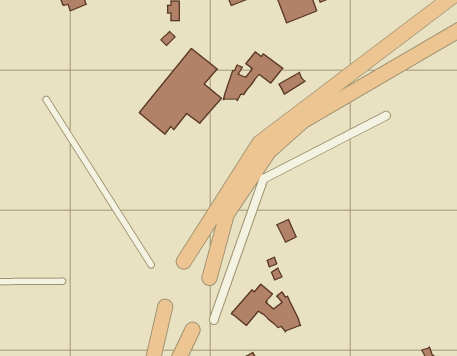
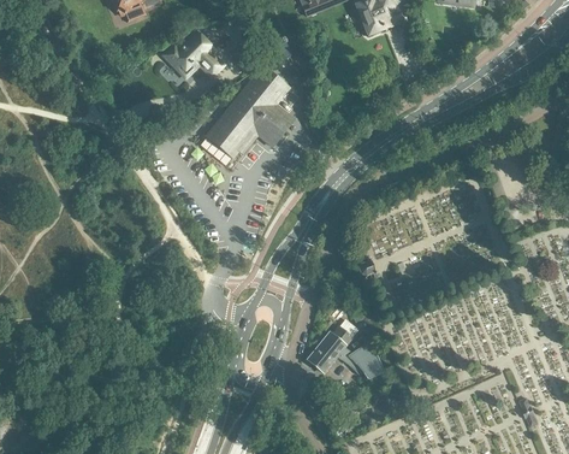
building: none -> [161,30,220,73]
building: [224,52,283,101] -> none

